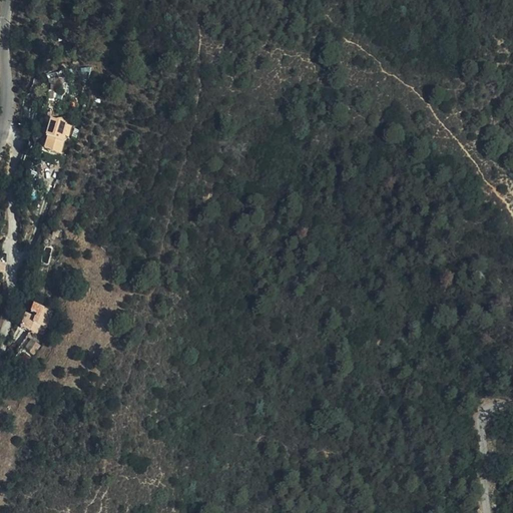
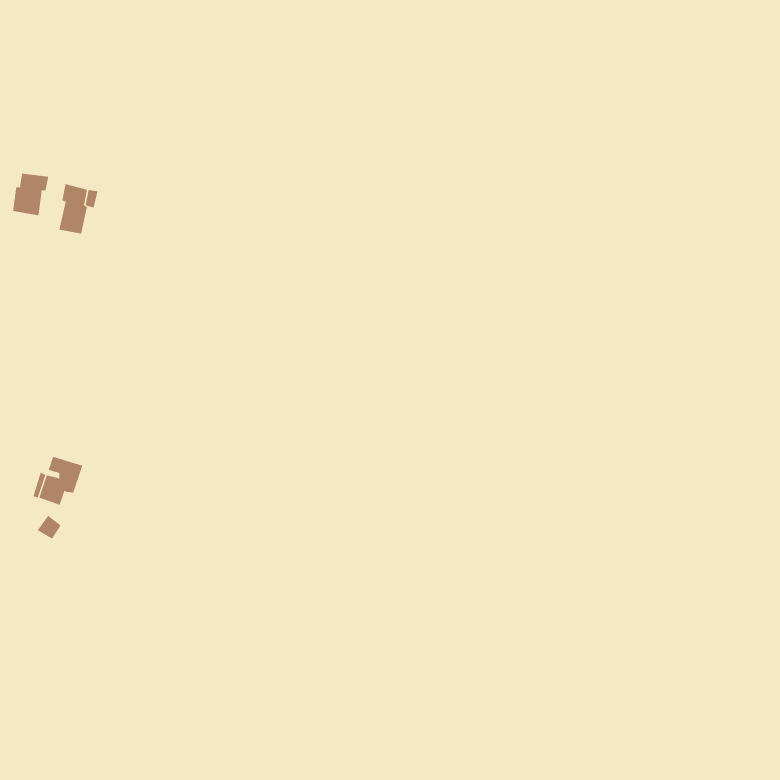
building: none -> [13,173,49,216]

